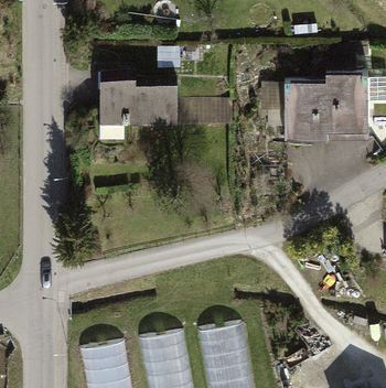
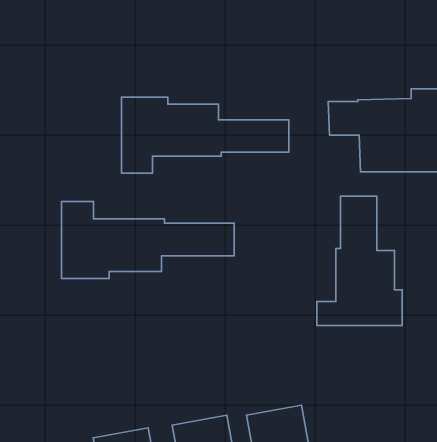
building: none -> [317,196,402,326]
building: none -> [61,202,234,279]

